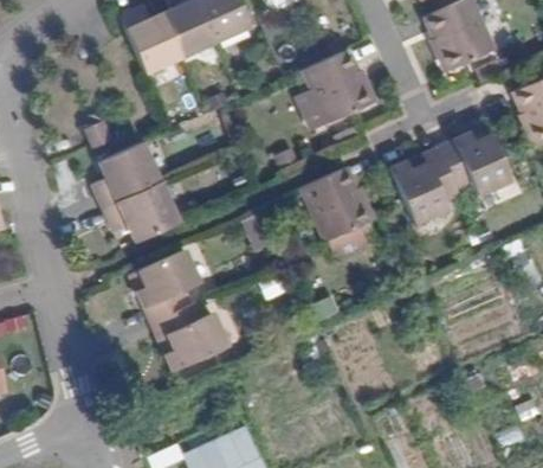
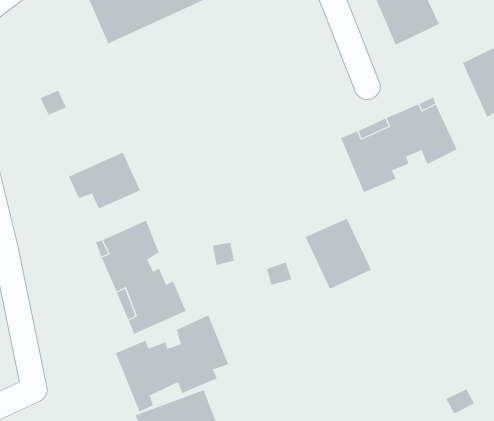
building: [309,52,377,126] -> none
building: [101,143,167,209] -> none
building: [299,171,367,243] -> [305,218,372,290]
building: none -> [115,314,229,412]

